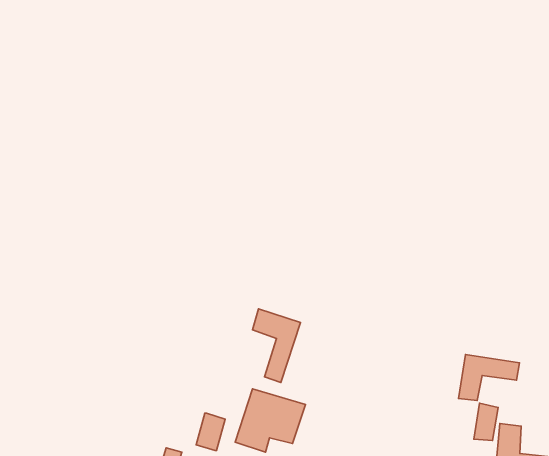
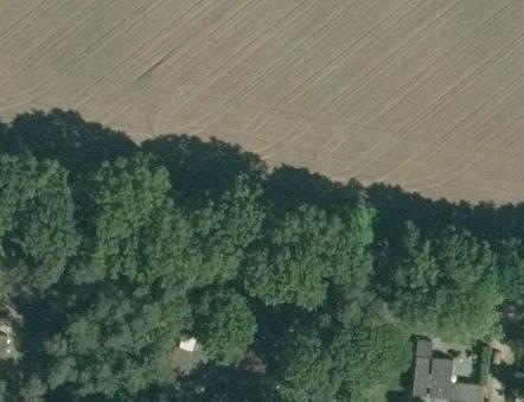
building: [253,309,300,383] -> none
building: [459,354,520,400] -> none

